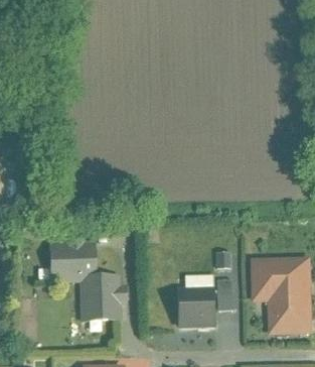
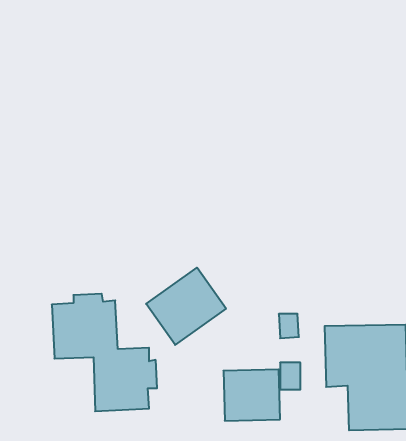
building: none -> [146,268,226,345]

